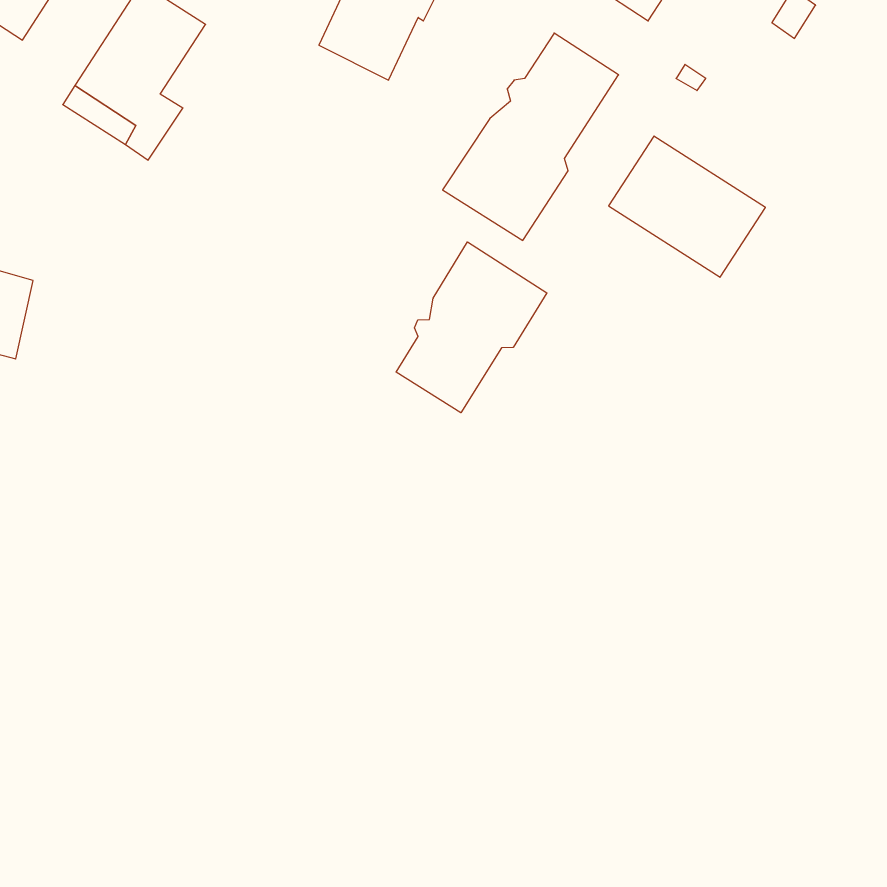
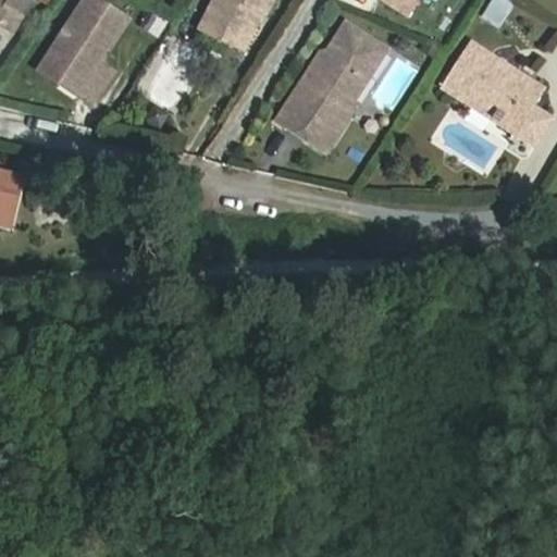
building: [609,136,765,277] -> [444,42,542,131]
building: [396,242,547,413] -> none

